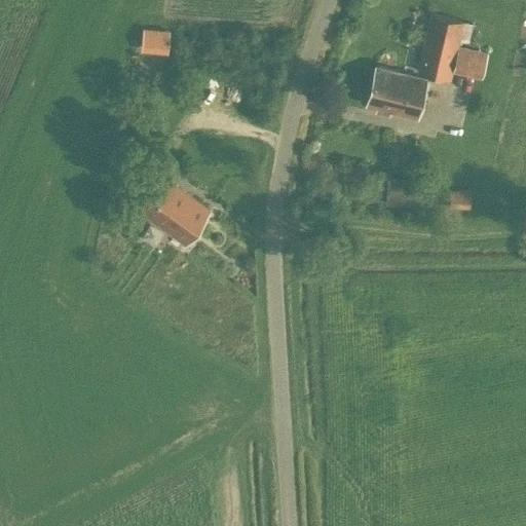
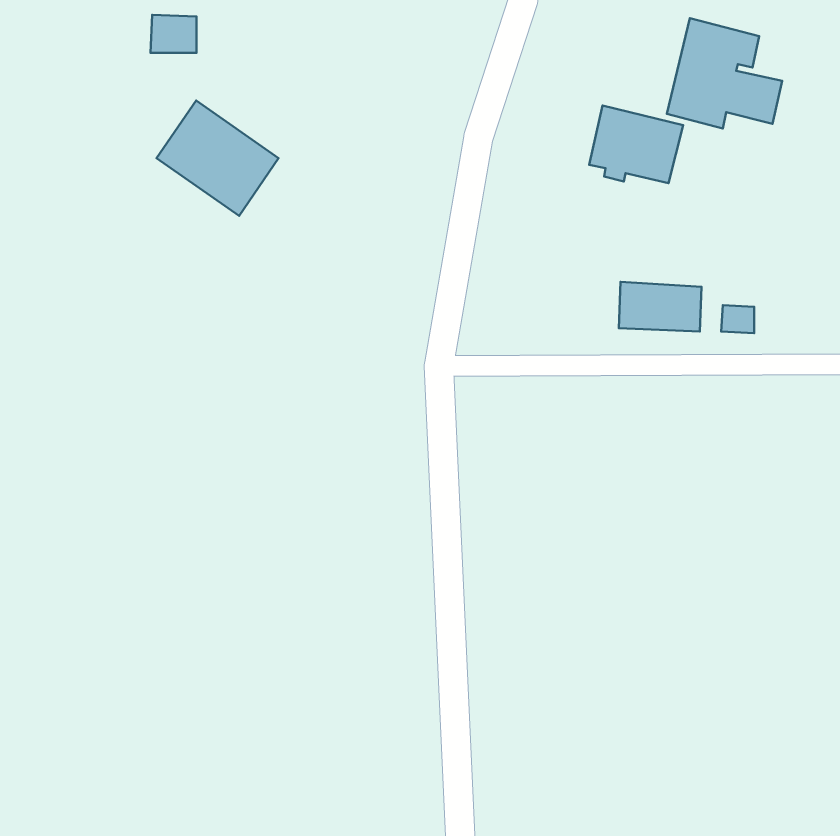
building: [144,31,173,54] -> [150,15,197,53]
building: [136,176,212,248] -> [157,100,279,216]

